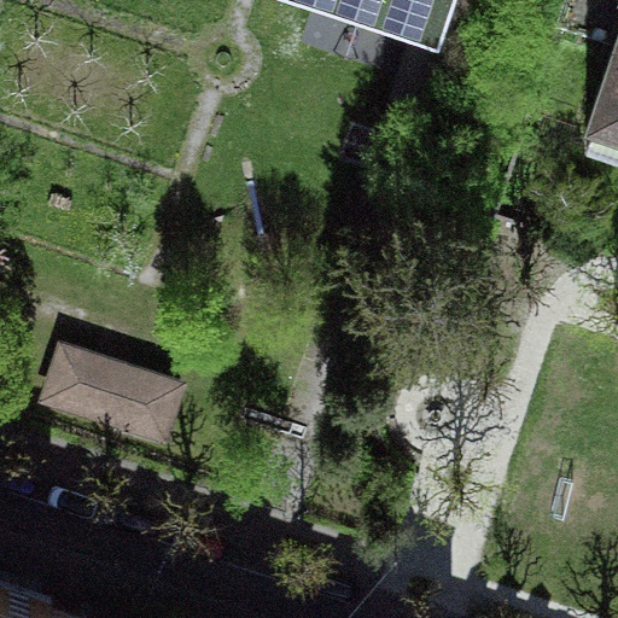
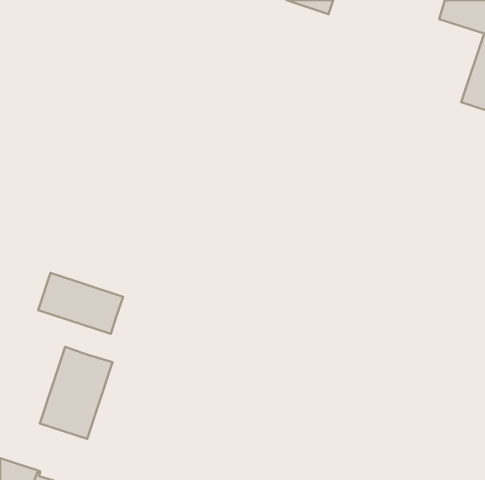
building: none -> [40,347,112,439]

